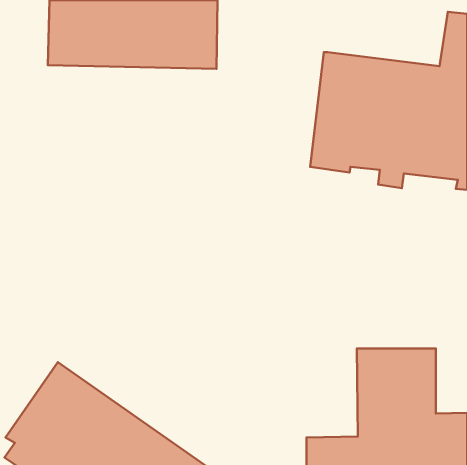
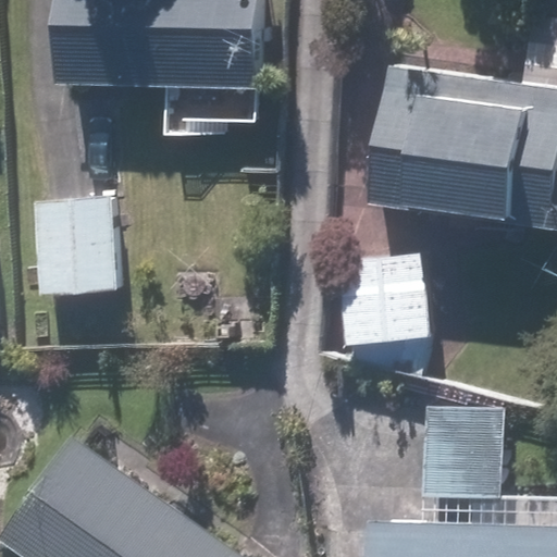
building: none -> [36,198,114,294]
building: none -> [341,256,429,385]

